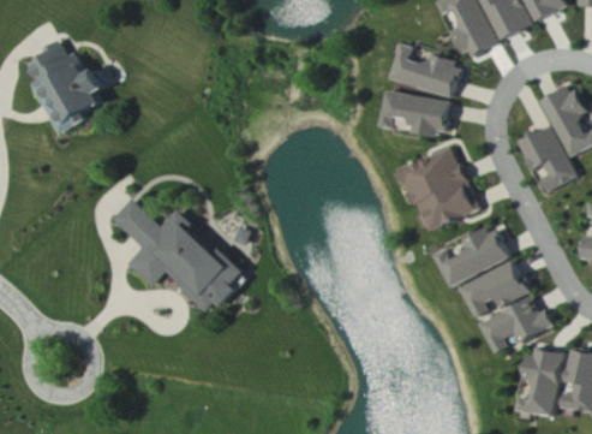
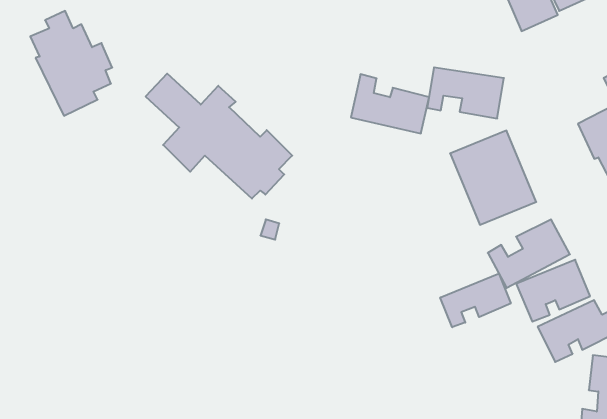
building: [391,42,461,95] -> [351,74,429,133]
building: [113,198,244,310] -> [146,74,292,199]
building: none -> [440,274,511,327]

